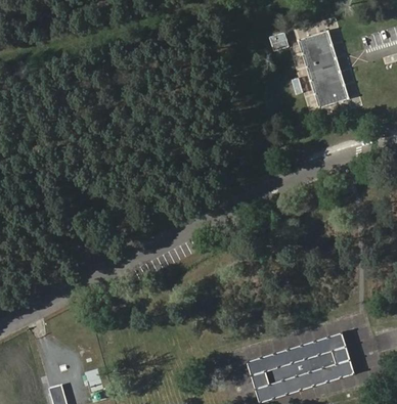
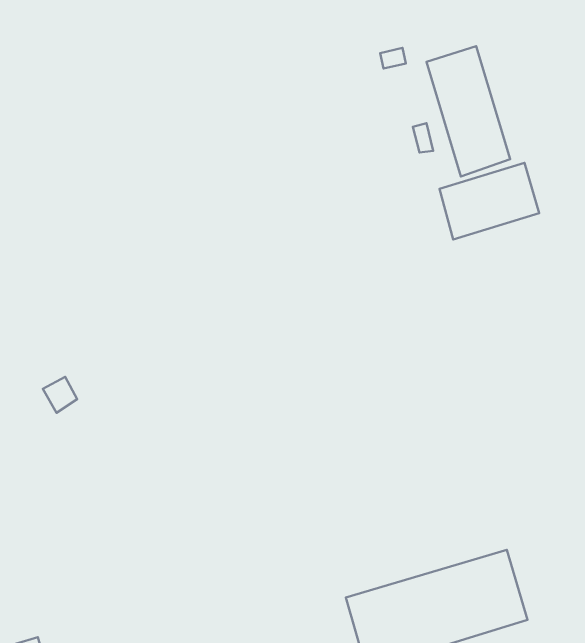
building: none -> [439,163,539,240]

